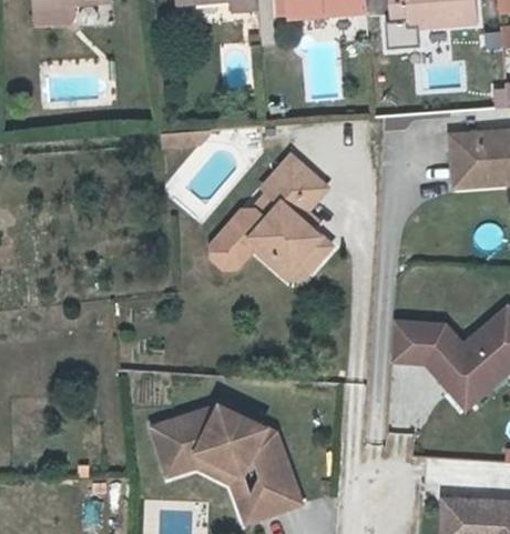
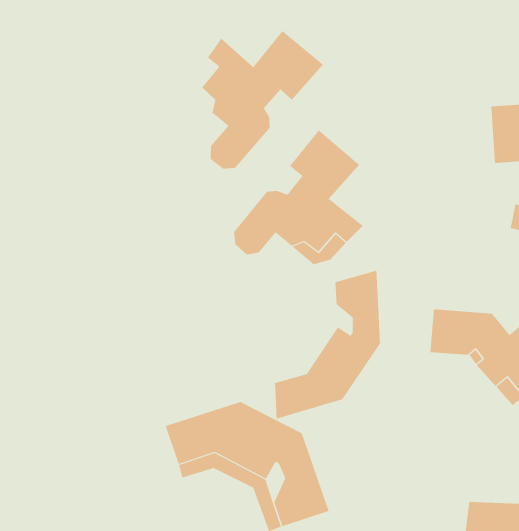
building: none -> [202,30,324,169]
building: none -> [274,270,381,420]

